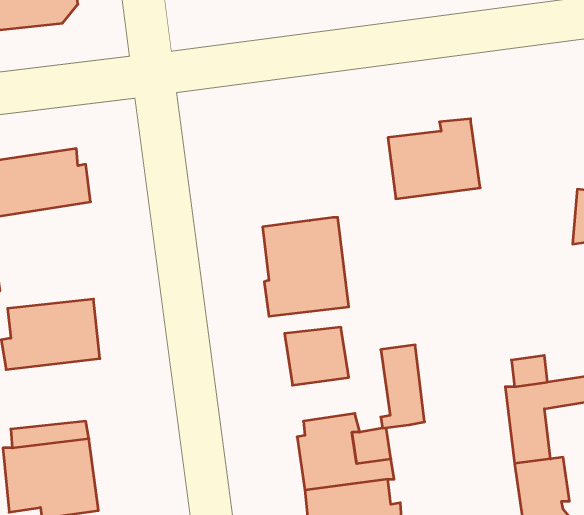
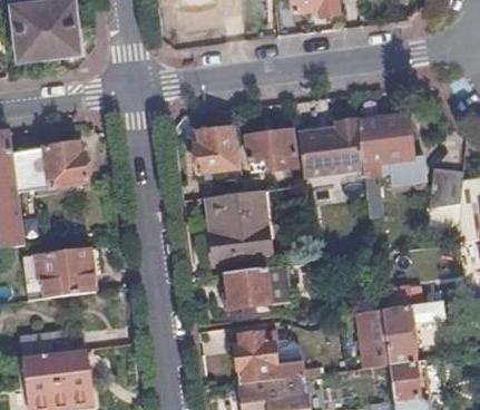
building: none -> [357,115,427,217]
building: none -> [194,128,236,173]
building: none -> [245,130,297,169]
building: [381,345,425,428] -> [357,311,389,370]

